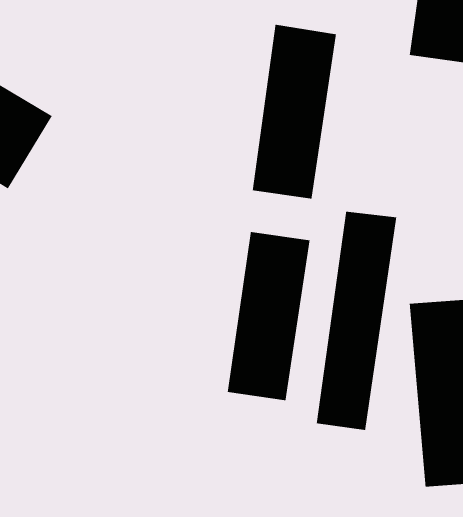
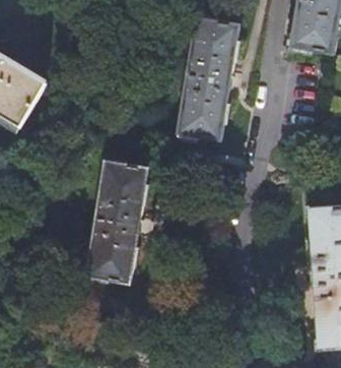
building: [316,211,397,431] -> none
building: [227,231,311,401] -> [89,164,148,284]

